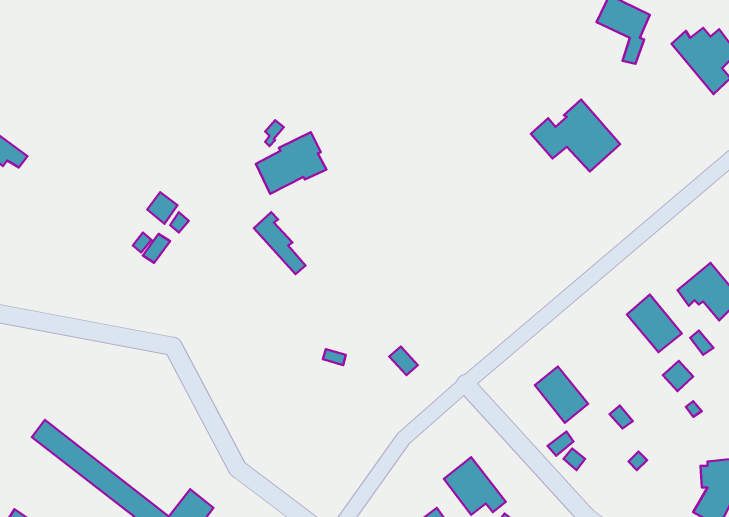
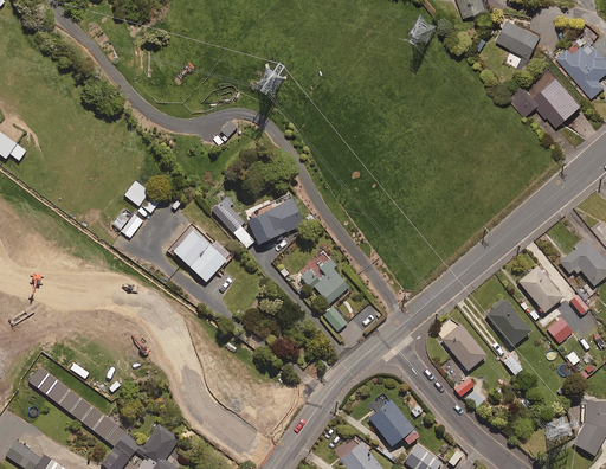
building: [531,99,620,171] -> [505,69,579,128]
building: [256,132,327,194] -> [246,192,304,243]
building: none -> [173,226,230,281]
building: none -> [302,257,350,302]
building: none -> [485,298,530,346]

